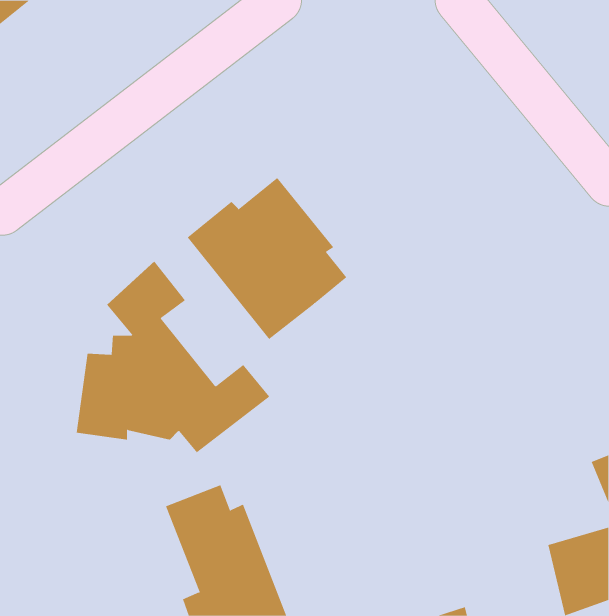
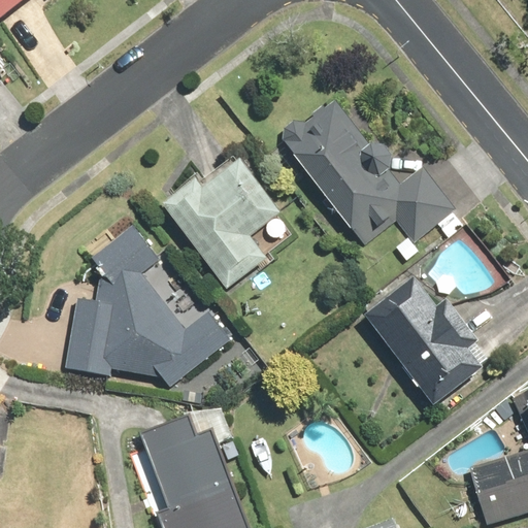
building: none -> [287,97,463,245]
building: none -> [365,276,483,406]

